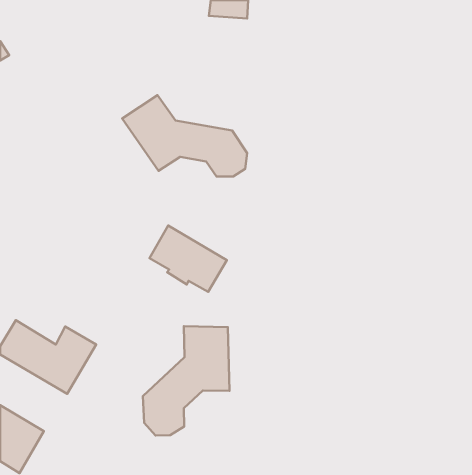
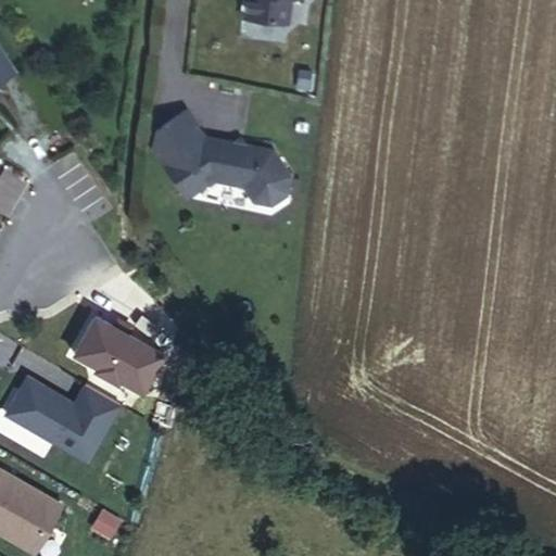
building: [149,226,227,292] -> [72,314,162,391]
building: [143,326,229,435] -> none

